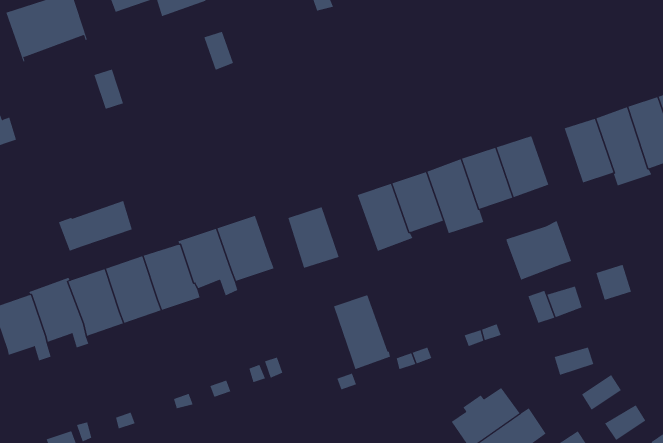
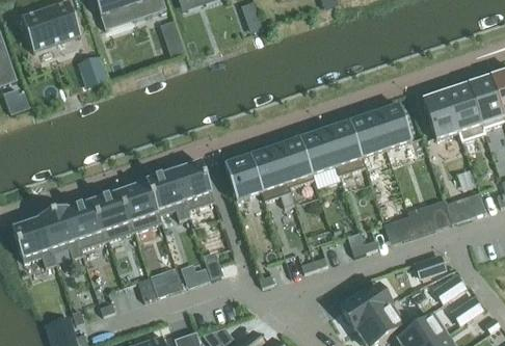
building: [58,200,133,252] -> none
building: [506,220,572,280] -> none
building: [333,295,391,370] -> [249,147,291,201]

